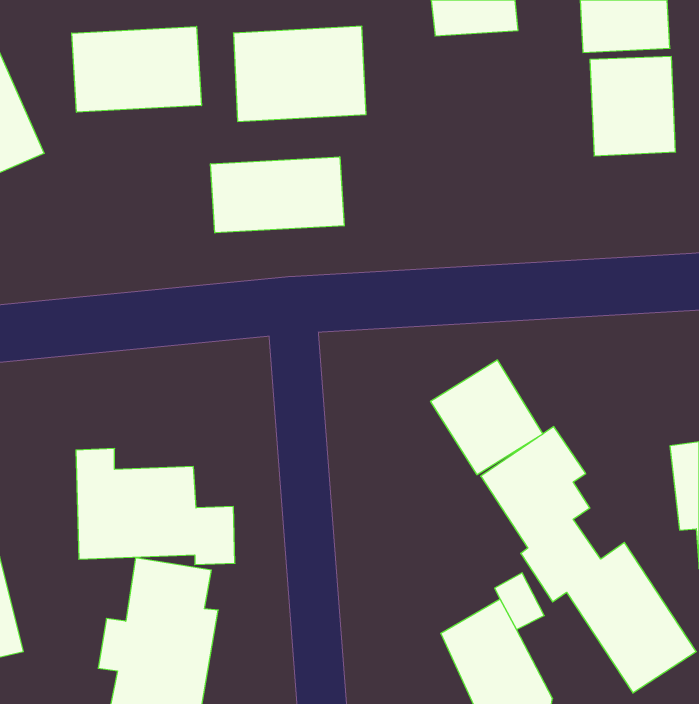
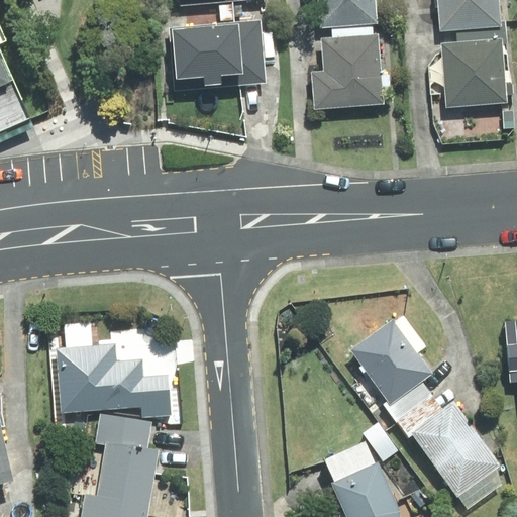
building: [72,26,201,112] -> none
building: none -> [312,30,386,108]
building: [211,157,344,233] -> none
building: [431,360,543,475] -> none

